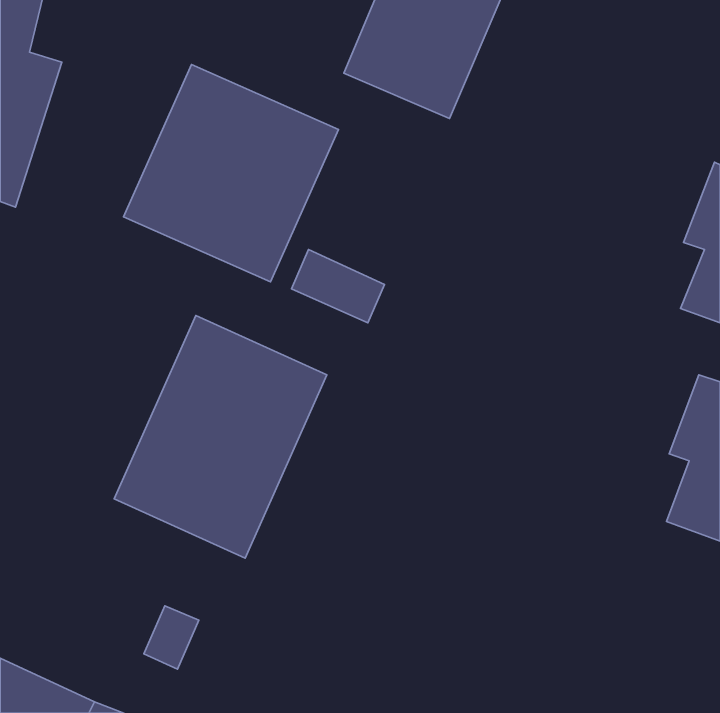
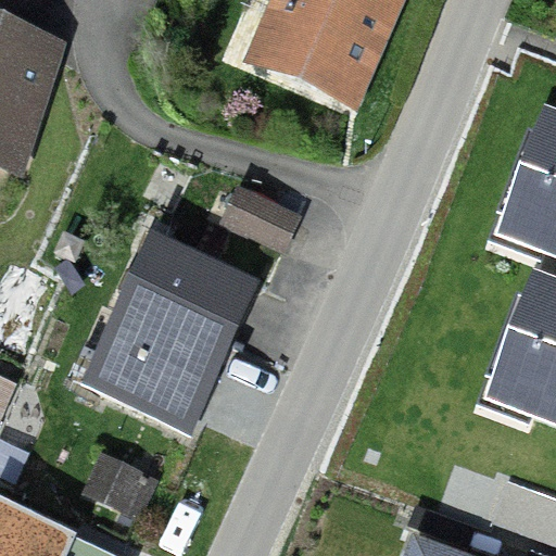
building: [124,65,338,282] -> none

